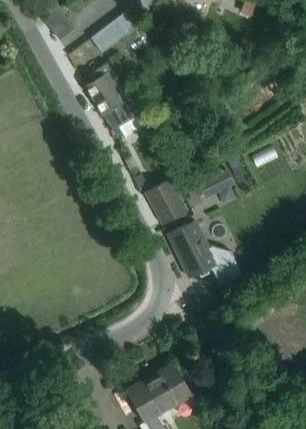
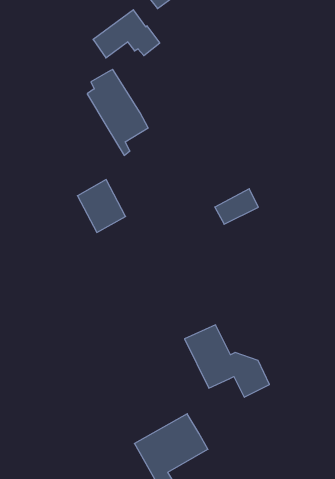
building: [44,9,75,40] -> none
building: [145,179,187,225] -> [77,180,126,232]
building: [168,222,242,285] -> [185,325,269,397]

